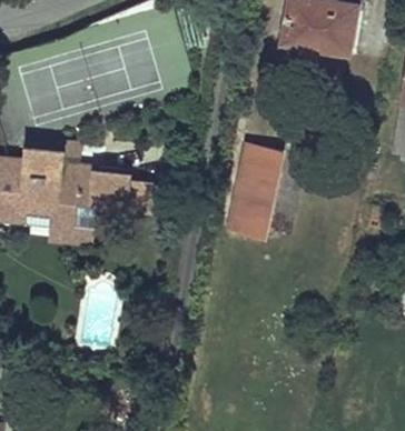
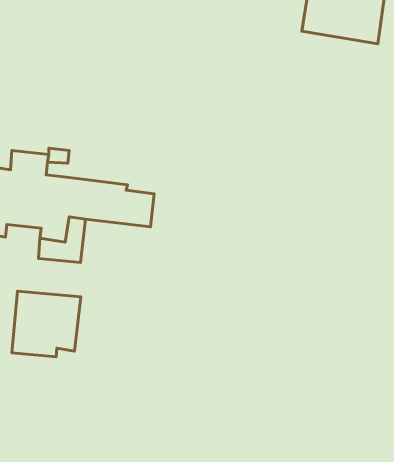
building: [228,146,283,237] -> none
building: none -> [12,291,81,357]

